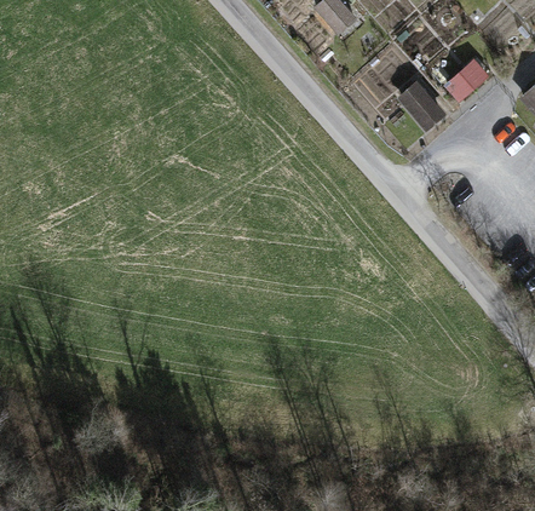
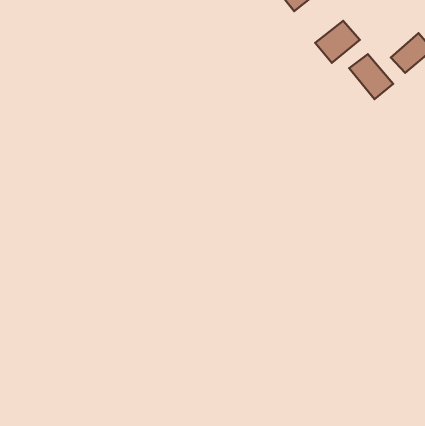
building: none -> [315,21,360,63]

